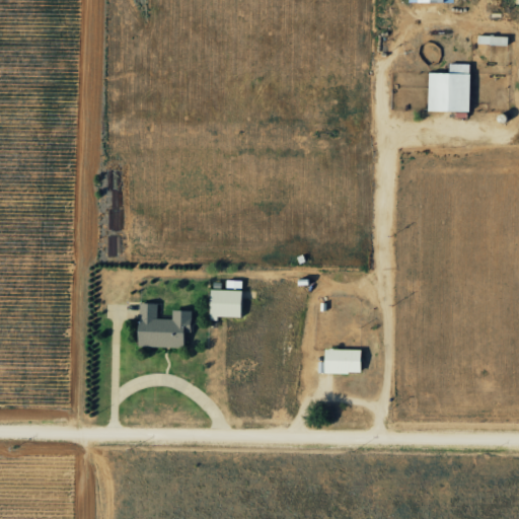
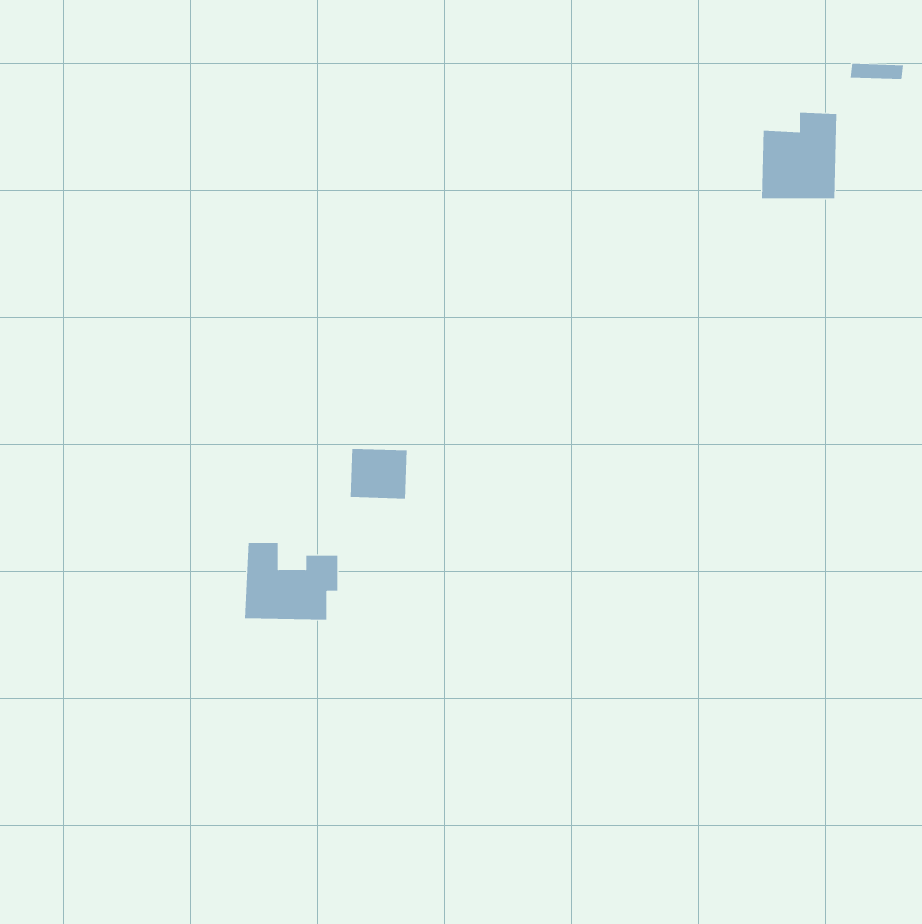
building: [210,290,242,318] -> [350,448,408,499]
building: [324,350,361,372] -> none

